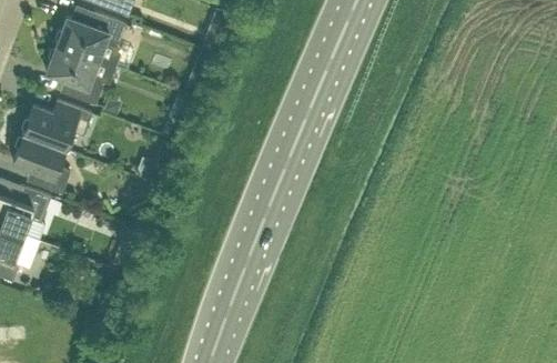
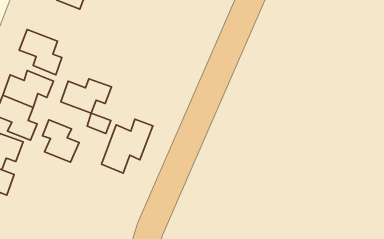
building: [57,11,125,58] -> [61,79,112,113]
building: none -> [102,119,153,173]
building: none -> [42,120,79,162]

